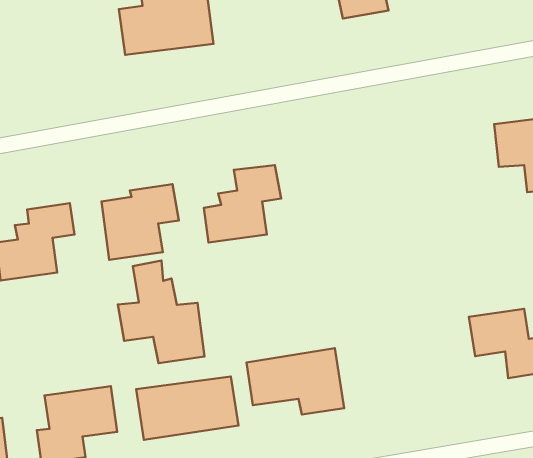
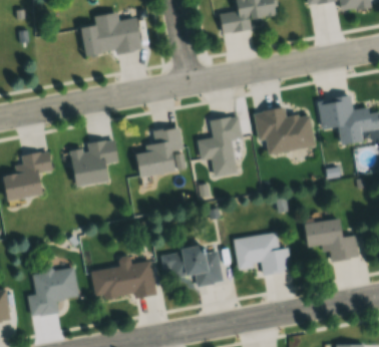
building: none -> [254,107,315,152]
building: none -> [199,115,243,175]
building: [118,260,205,363] -> none
building: none -> [234,232,292,273]

